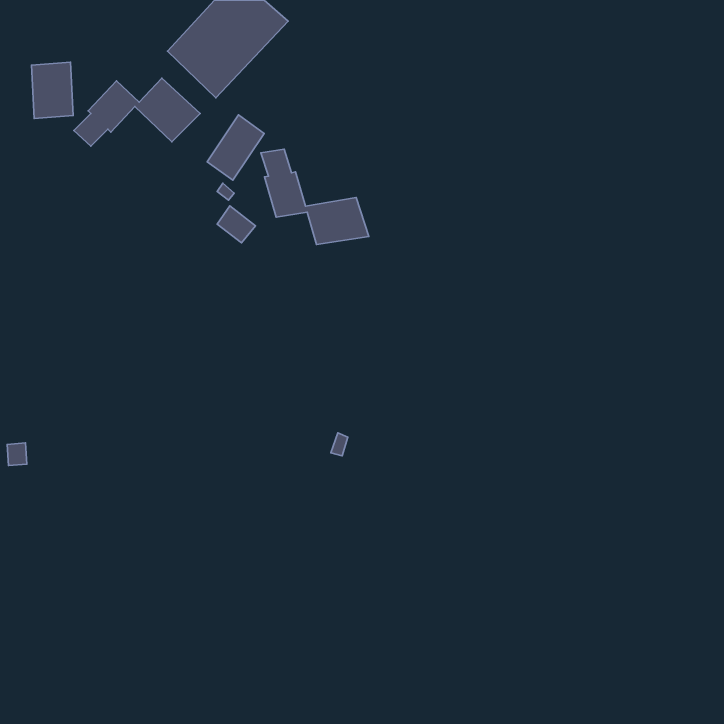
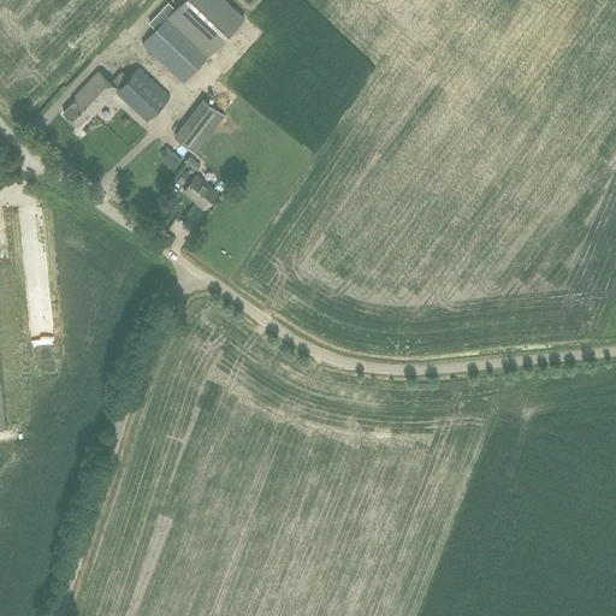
building: [31,62,73,119] -> none
building: [261,149,369,244] -> none

